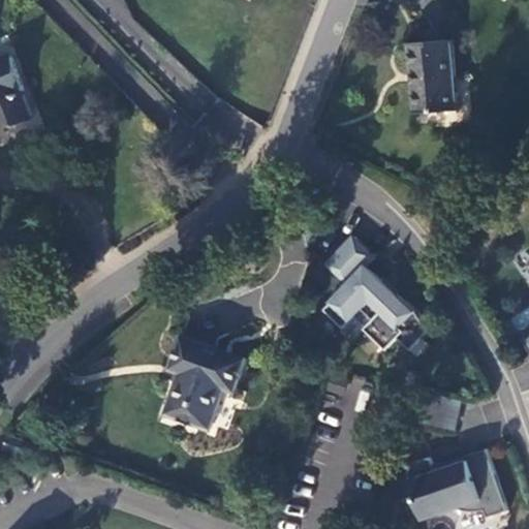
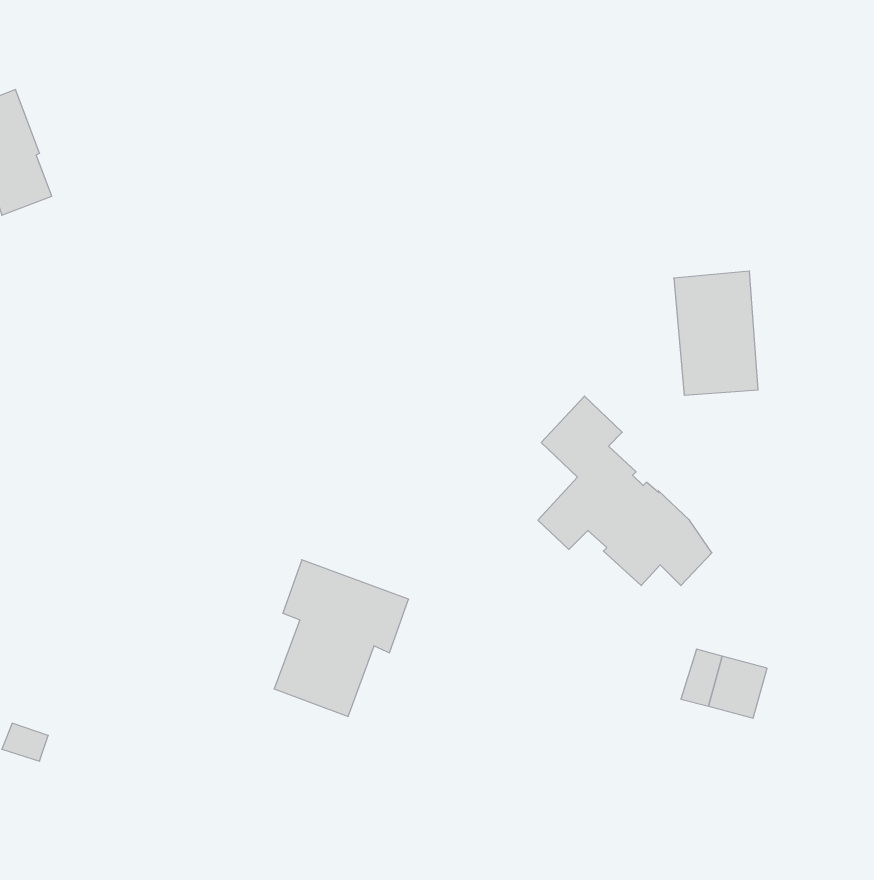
building: [406,39,457,114] -> [674,271,758,395]
building: [407,449,506,520] -> none

